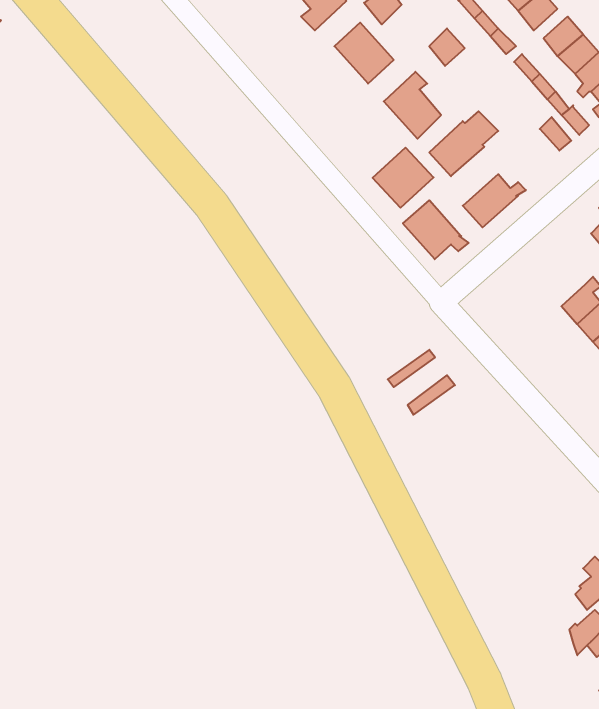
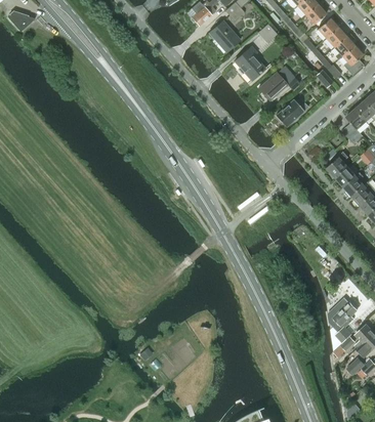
building: [373,148,434,208] -> none
building: [403,200,469,259] -> none

